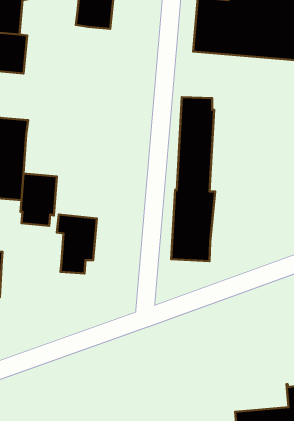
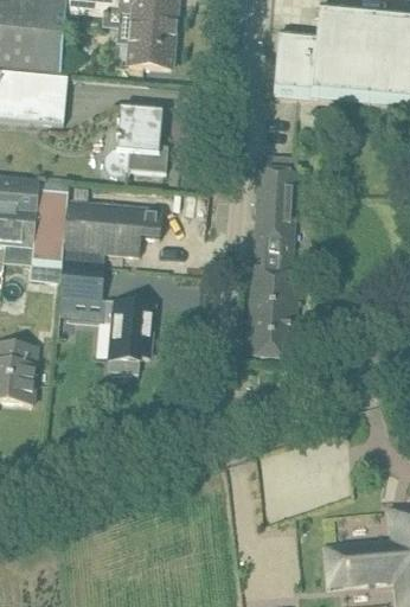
building: none -> [103,107,168,175]
building: none -> [63,199,162,254]

